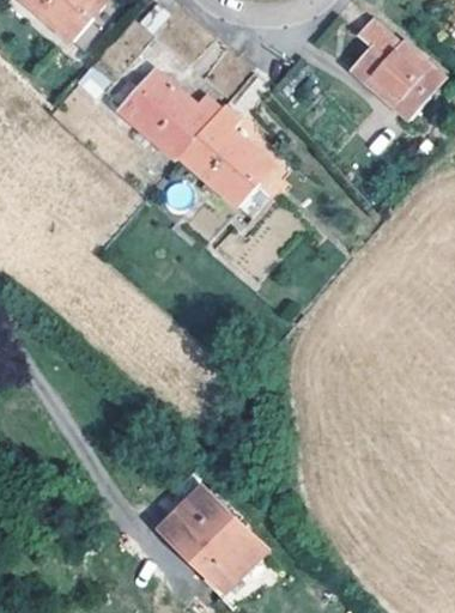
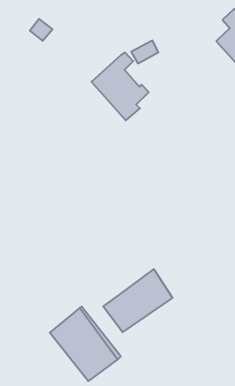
building: [115,69,214,157] -> none
building: none -> [103,269,172,332]

